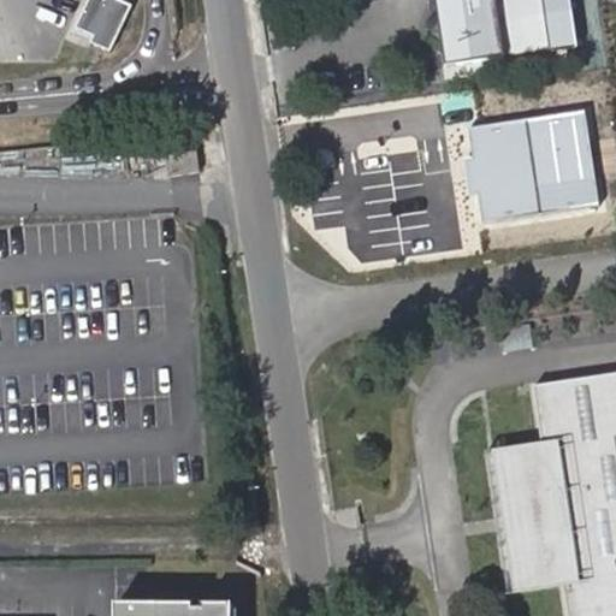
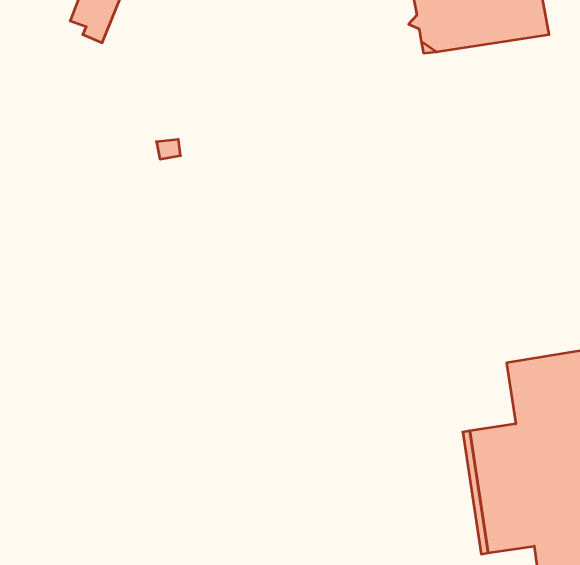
building: [467,107,599,219] -> none

